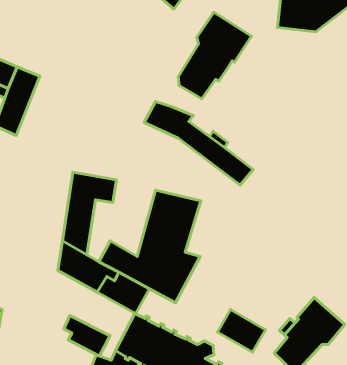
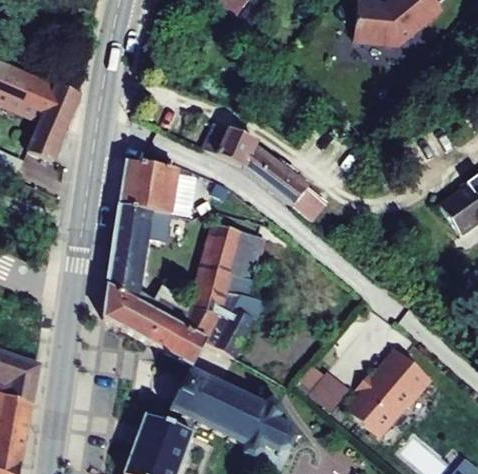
building: [178,12,251,99] -> none
building: none -> [120,160,176,213]
building: [64,315,110,356] -> none

